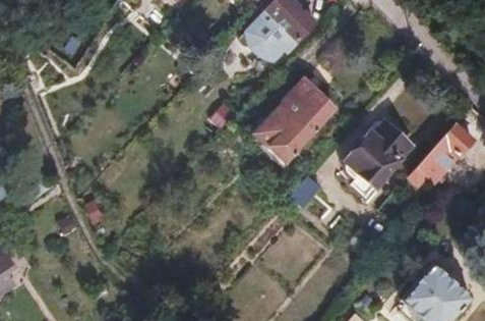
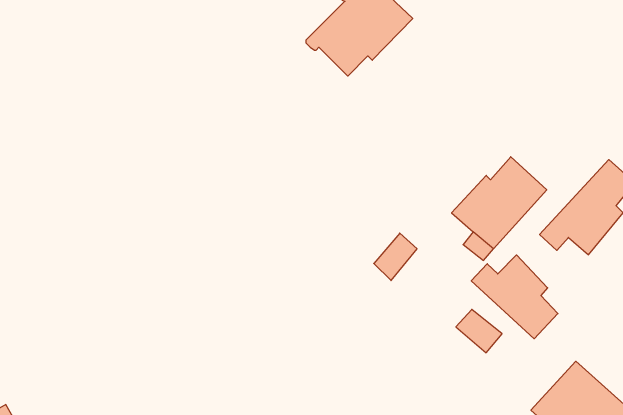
building: [255,79,334,160] -> none
building: none -> [471,255,558,339]

